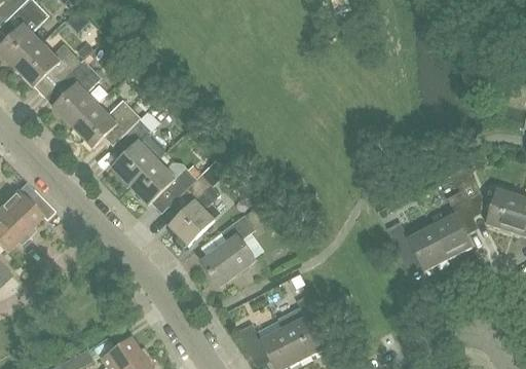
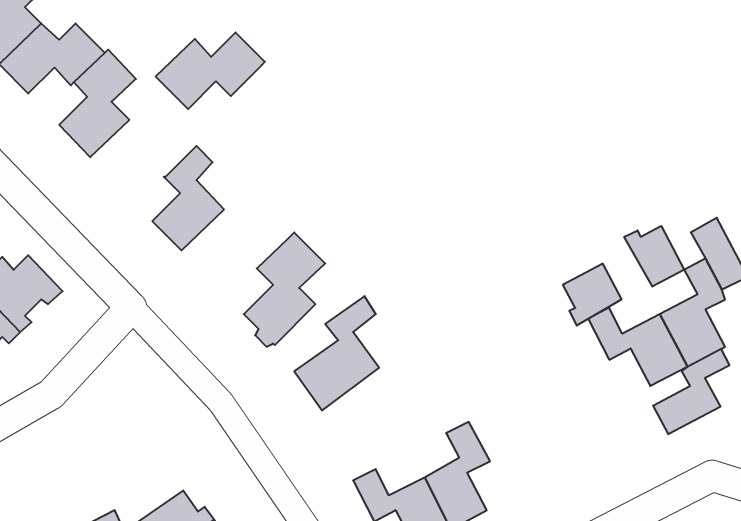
building: [72,100,141,148] -> [156,32,265,109]
building: [129,160,196,206] -> none
building: none -> [624,226,684,287]
building: none -> [563,264,621,326]
building: none -> [653,349,729,434]

